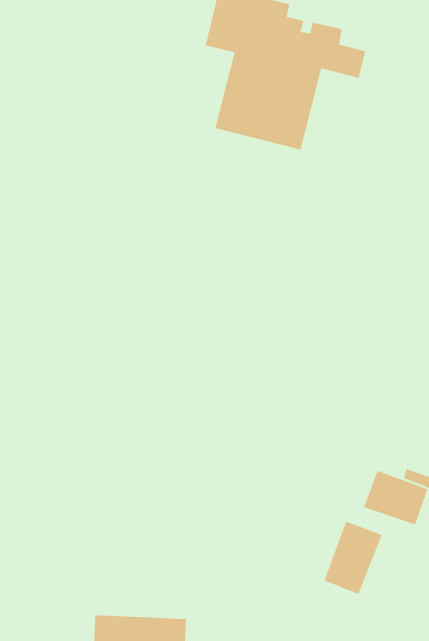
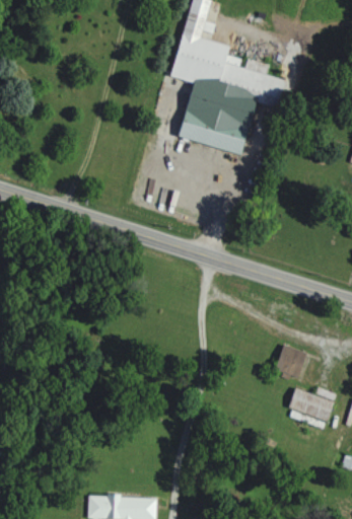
building: none -> [276,345,308,377]
building: [324,521,382,595] -> none

